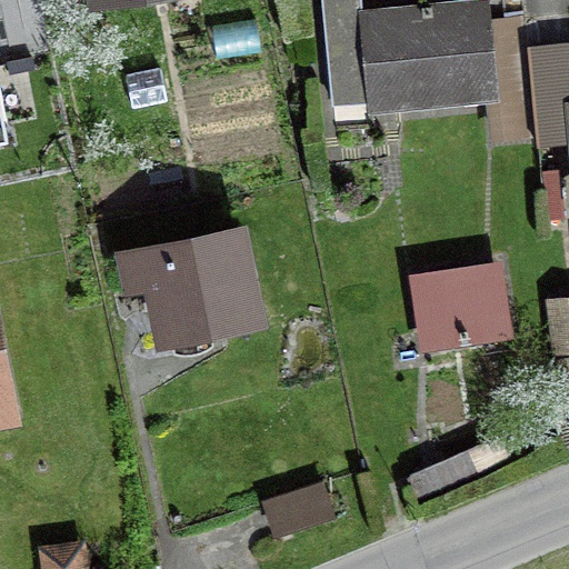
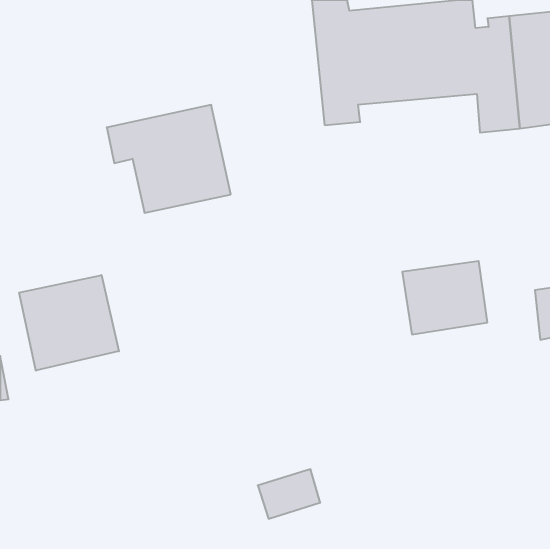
building: [129,229,257,340] -> [107,105,231,213]
building: none -> [19,275,119,371]

